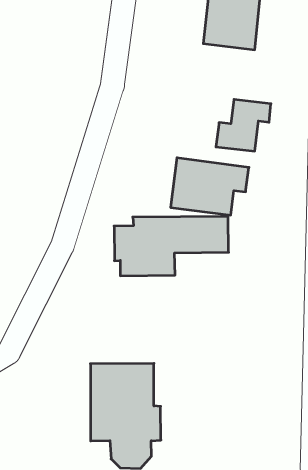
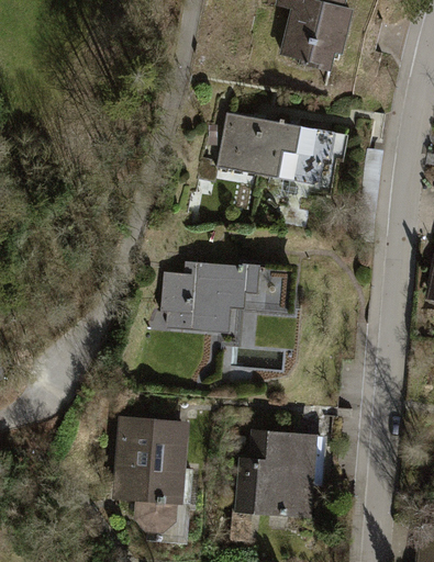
building: [171,158,249,215] -> [215,114,308,183]
building: none -> [241,432,325,542]

